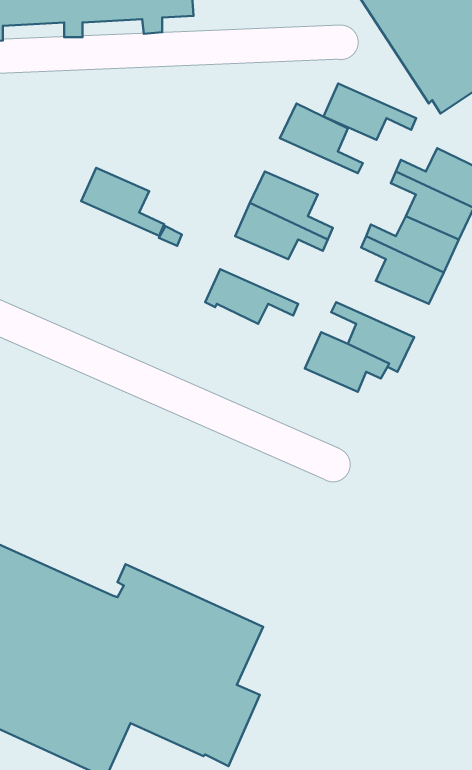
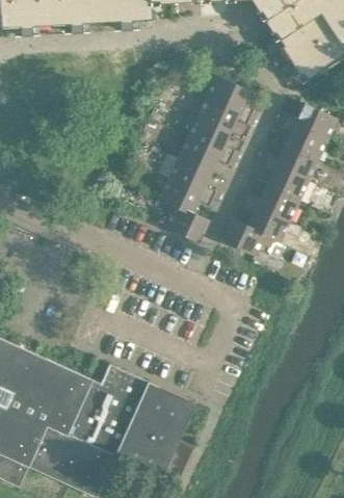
building: [323,83,416,140] -> [196,96,255,131]
building: [81,168,164,236] -> [168,157,220,200]
building: none -> [241,185,299,220]
building: none -> [162,200,209,241]

